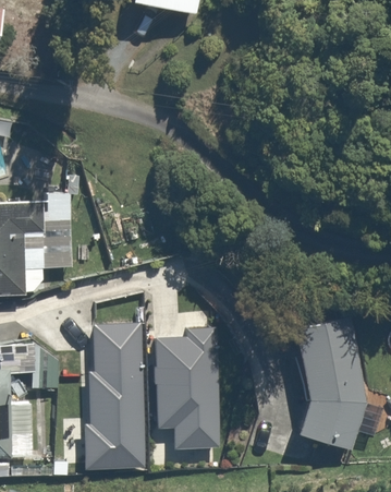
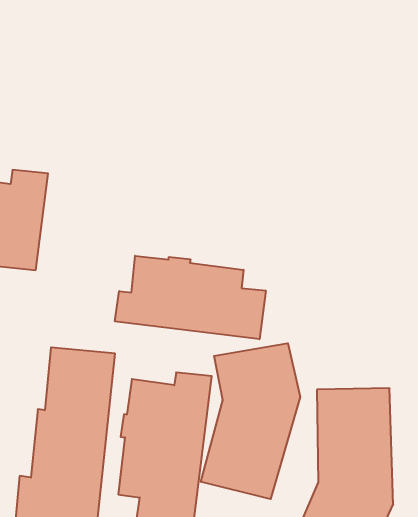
building: none -> [115,256,266,339]
building: none -> [201,343,300,499]

